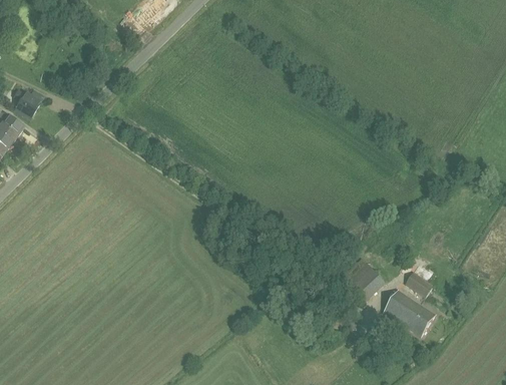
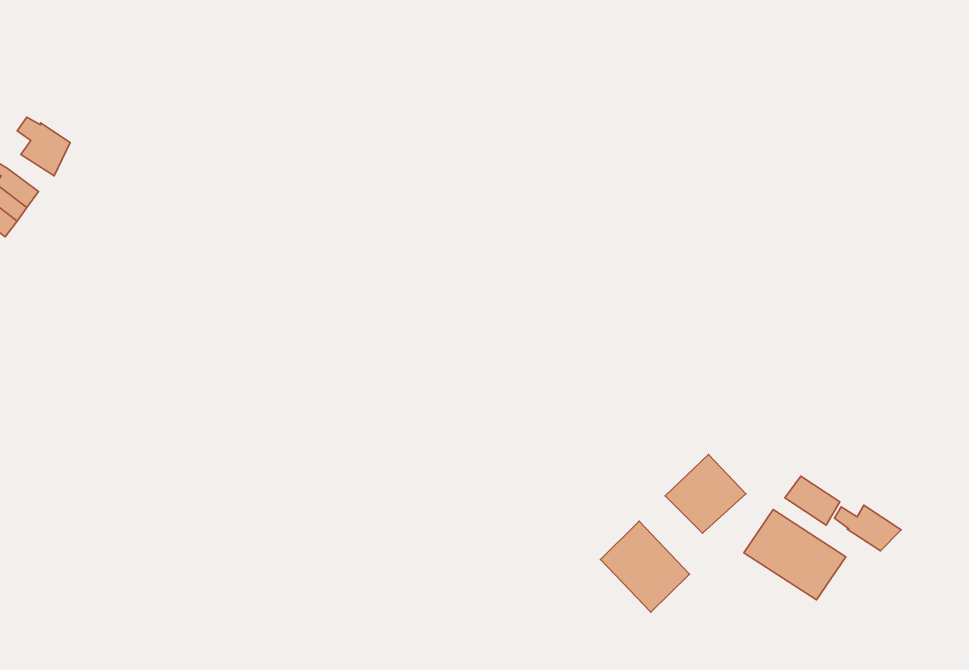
building: none -> [834,505,901,551]
building: none -> [601,521,690,612]

